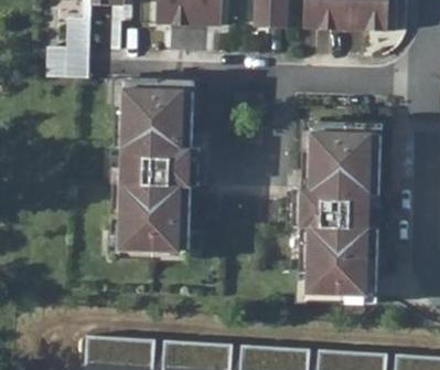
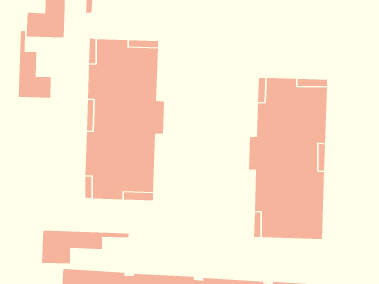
building: none -> [18,30,51,99]
building: none -> [42,230,129,264]

